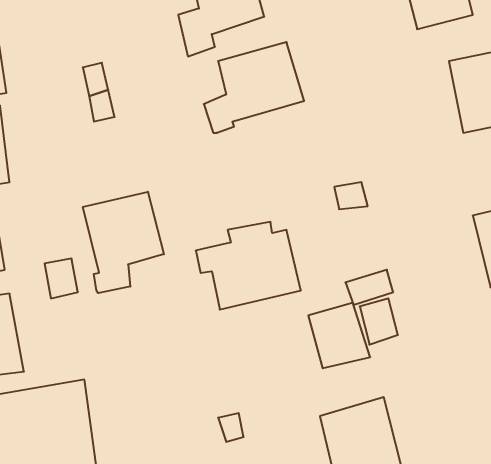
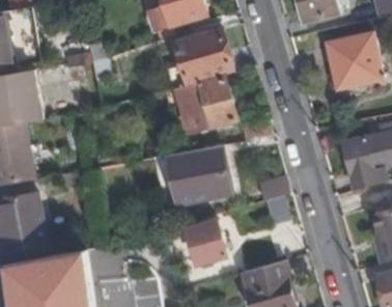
building: none -> [174,78,235,133]
building: [83,192,164,293] -> none
building: [308,303,370,368] -> [187,221,227,263]

